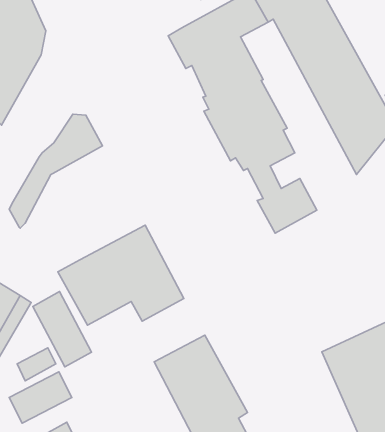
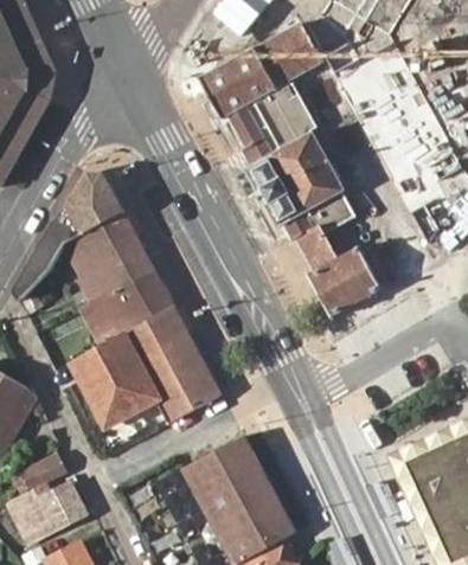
building: none -> [64,210,174,346]
building: [33,292,91,367] -> none

